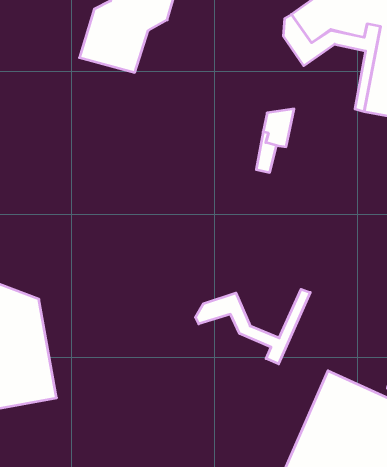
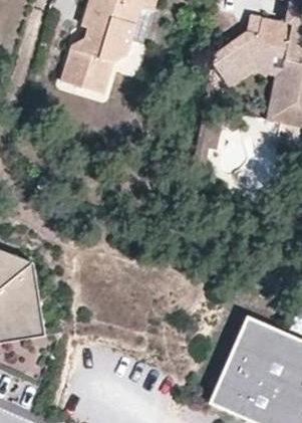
building: [195,289,310,364] -> none

